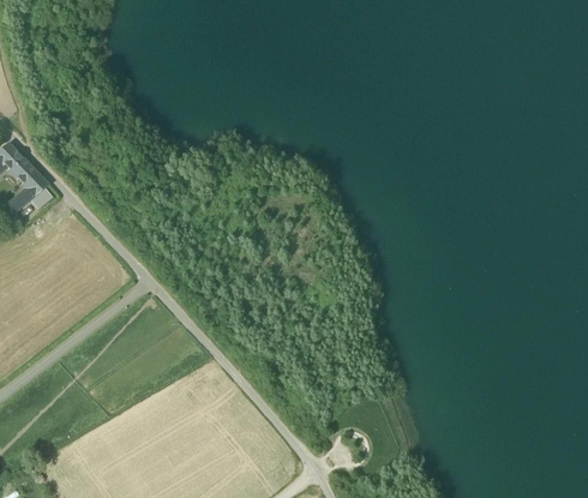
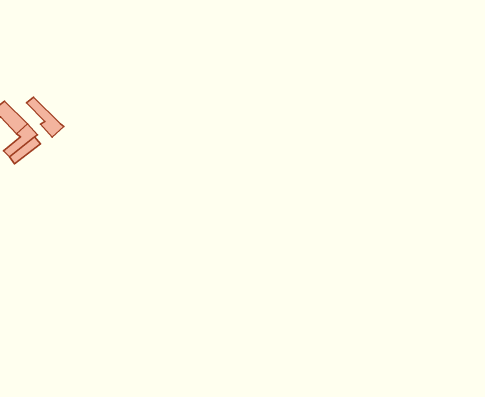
building: none -> [26,97,64,137]

